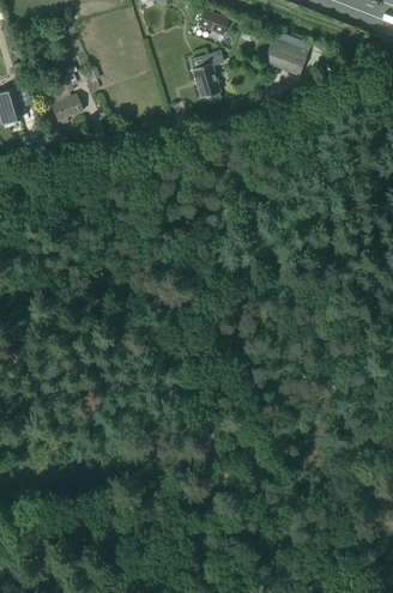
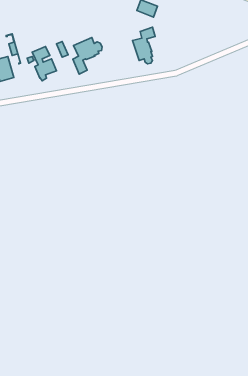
building: [264,36,308,73] -> none
building: none -> [73,38,102,74]

